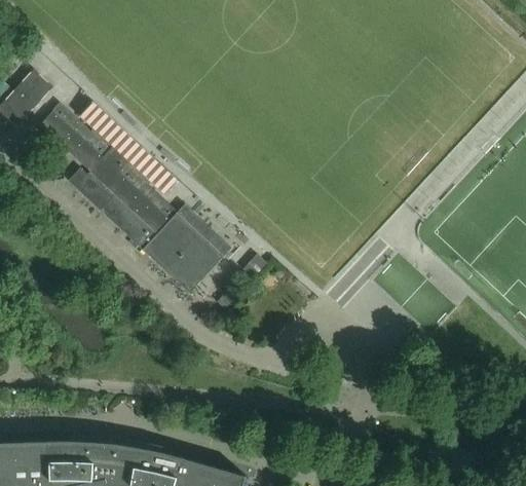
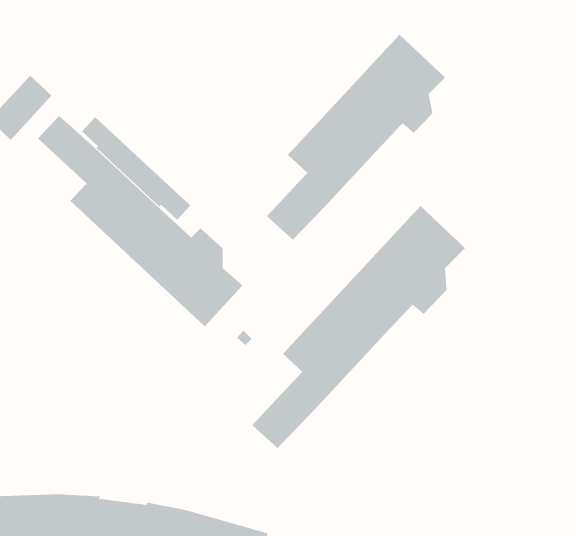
building: none -> [266,34,446,240]
building: none -> [252,205,466,449]

